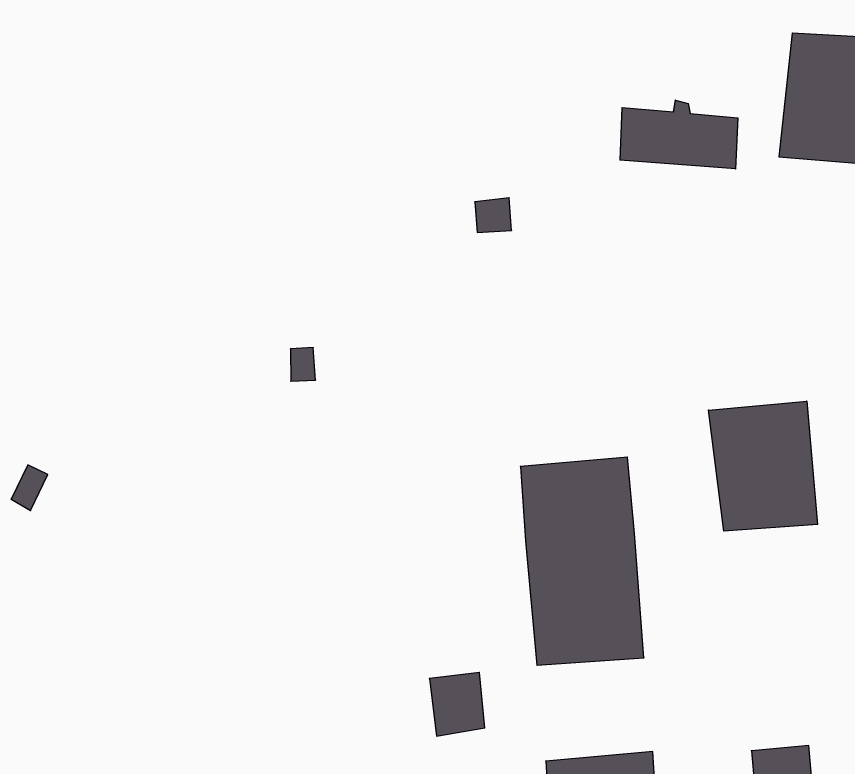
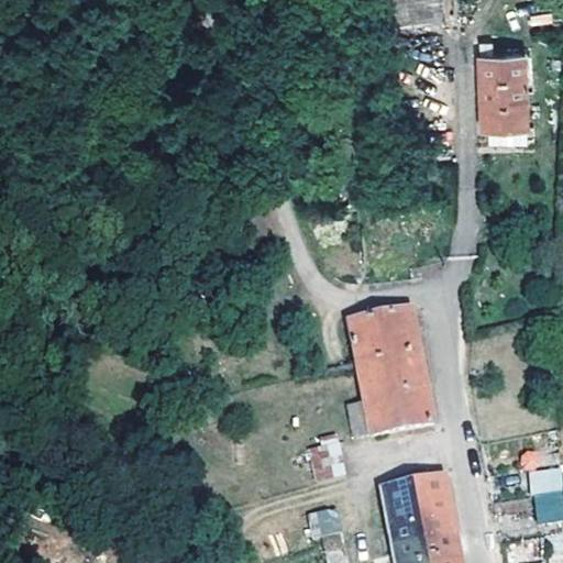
building: [620,100,738,169] -> none
building: [708,401,818,531] -> none

